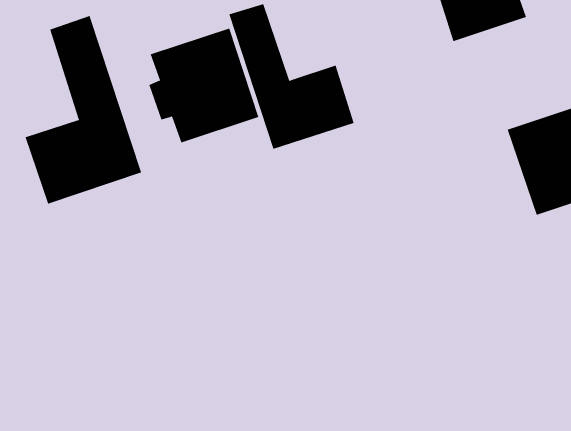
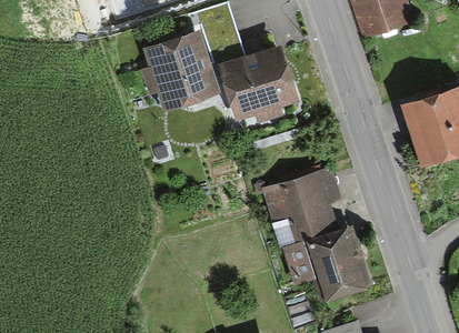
building: [25,15,142,205] -> none
building: none -> [265,168,359,304]

